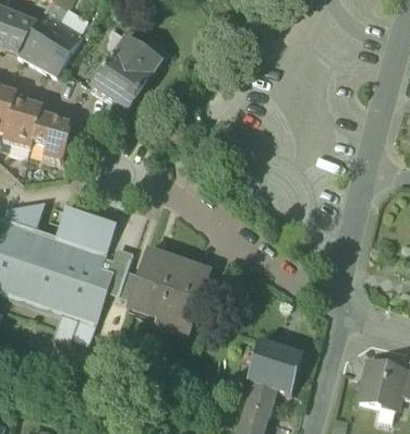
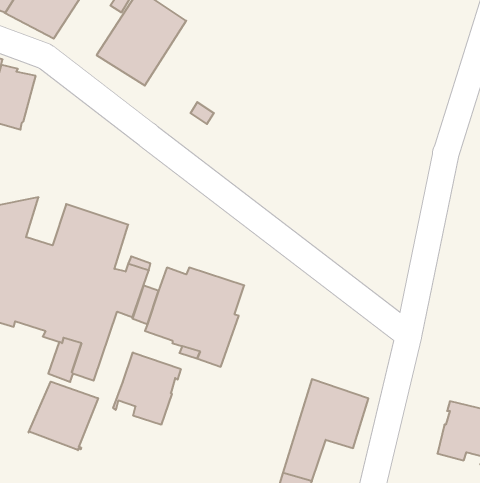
building: [33,111,71,160] -> none
building: none -> [113,352,181,425]
building: none -> [29,382,98,450]

